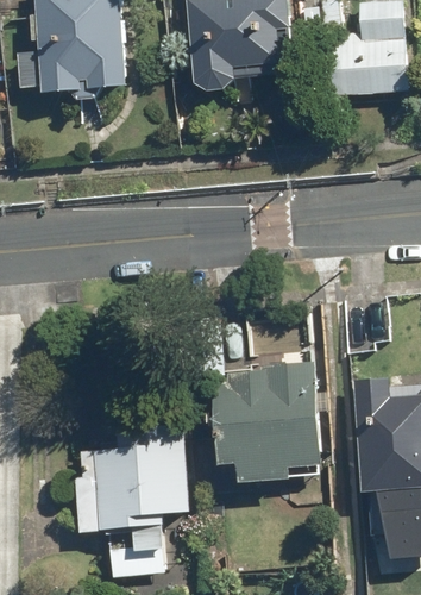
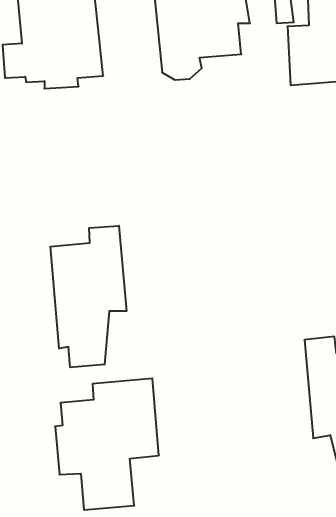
building: none -> [50,226,127,367]
building: [212,361,323,484] -> none

